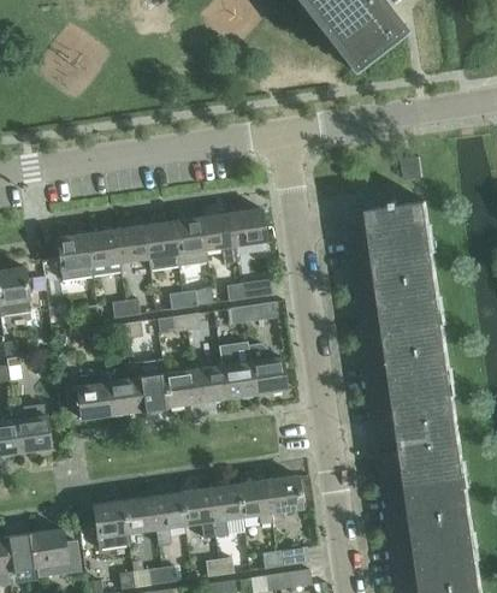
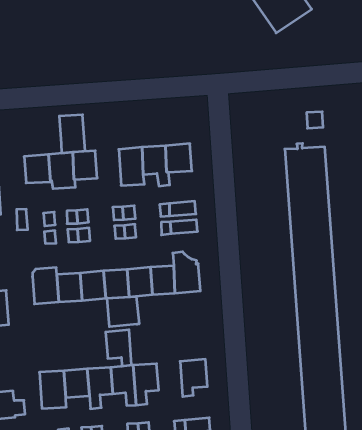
building: [140,221,174,271] -> [59,115,85,153]
building: none -> [107,296,139,327]
building: [233,479,268,524] -> [106,330,132,366]

